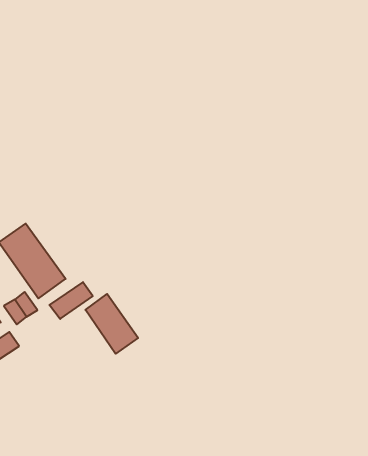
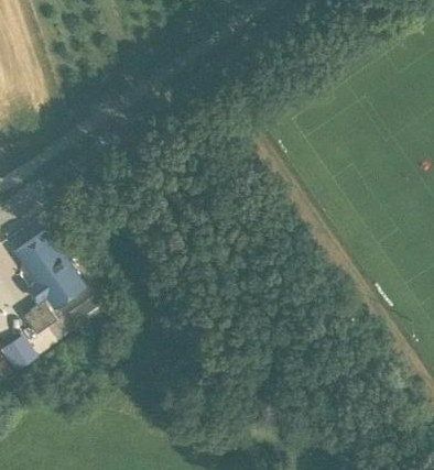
building: [85,294,138,354] -> none

